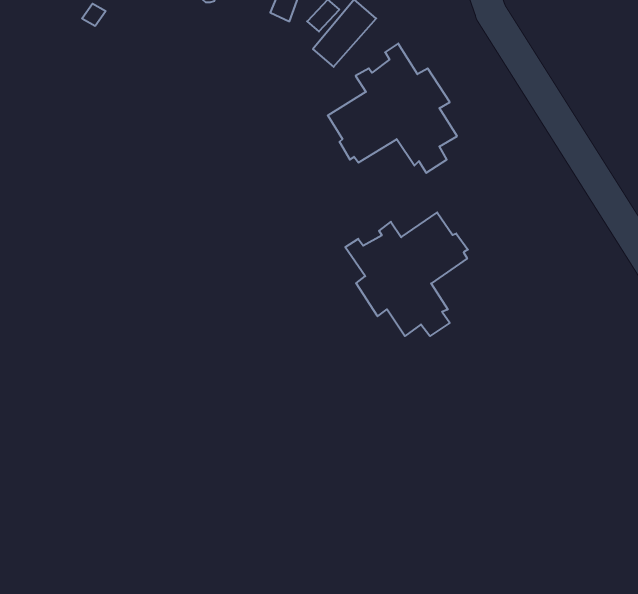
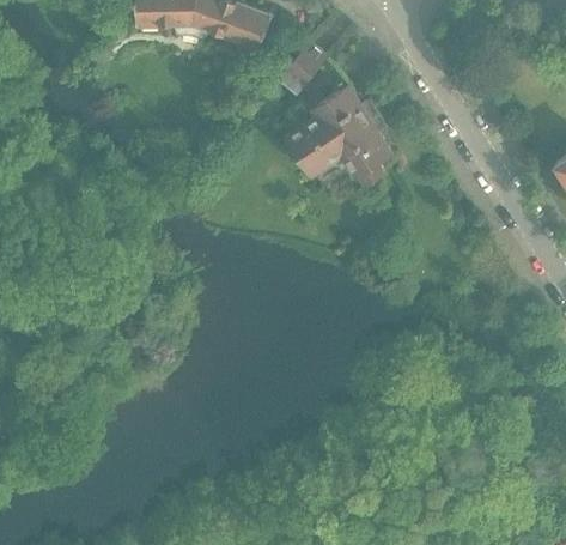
building: [345,212,468,336] -> none

